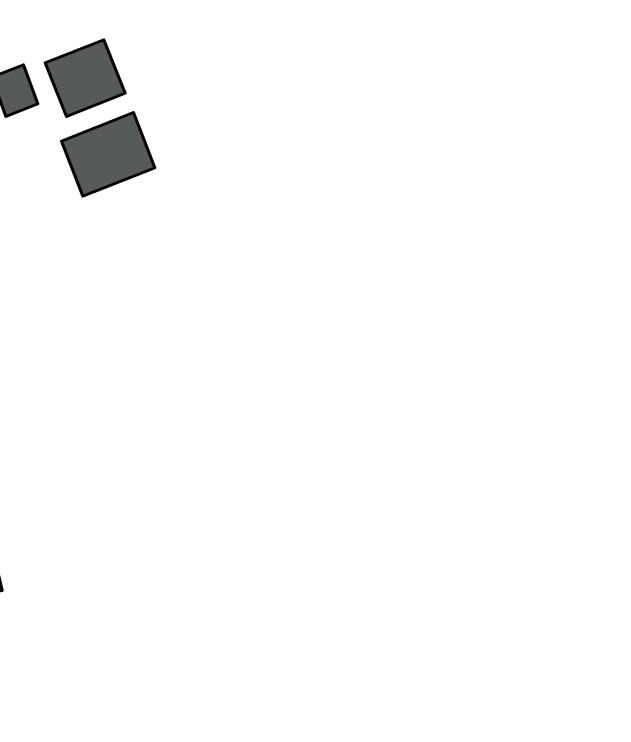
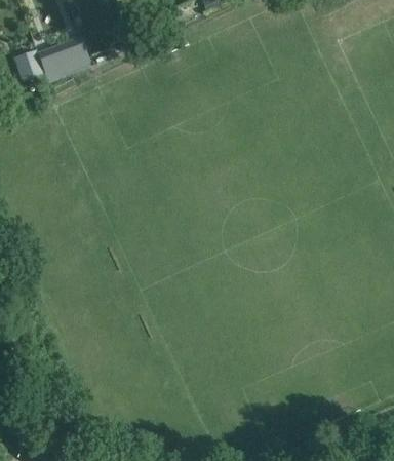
building: [61,113,155,196] -> none

